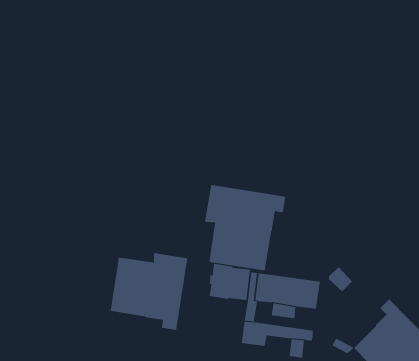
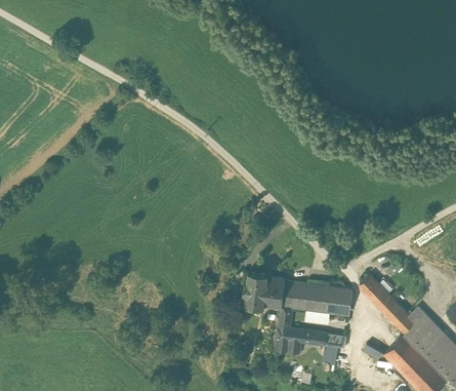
building: [205,184,286,271] -> none
building: [110,252,188,331] -> none
building: none -> [372,289,414,333]

